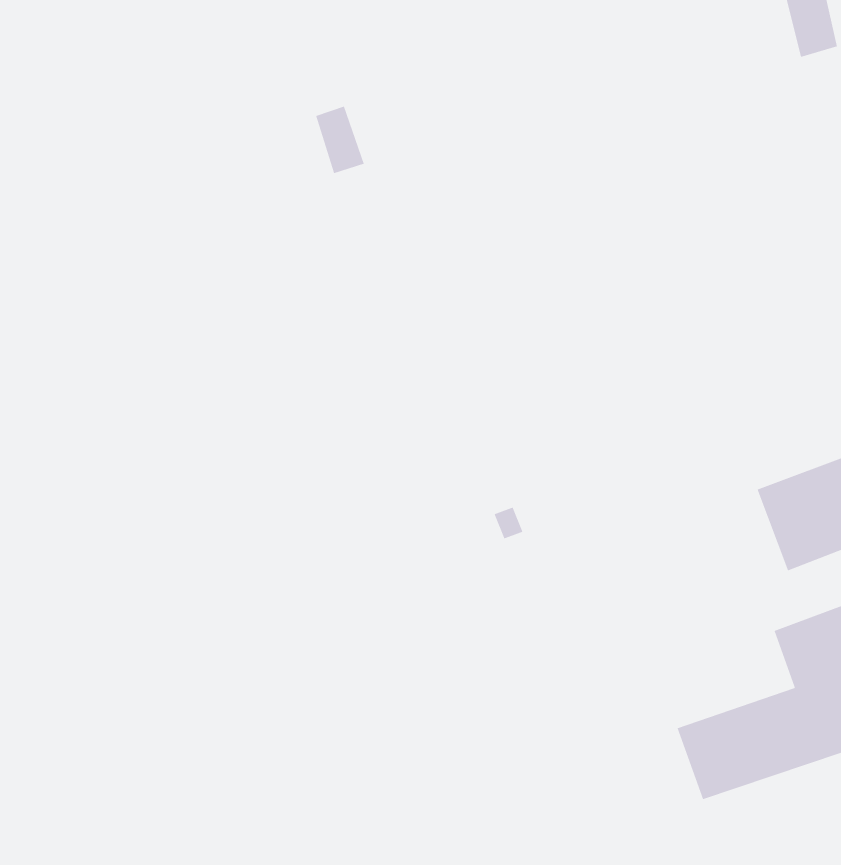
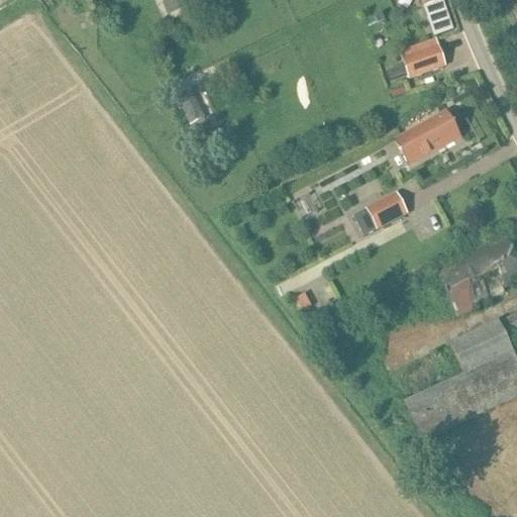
building: none -> [403,42,446,75]
building: none -> [397,111,459,160]
building: none -> [367,189,409,227]

